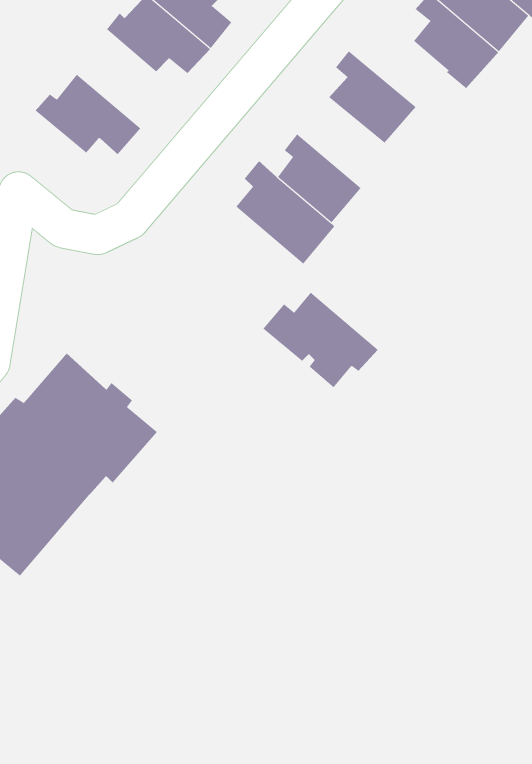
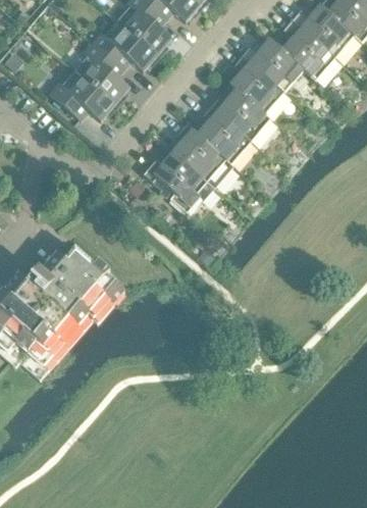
building: none -> [242,38,303,90]
building: none -> [74,42,127,103]
building: none -> [210,89,270,140]
building: [262,292,378,388] -> [143,151,214,210]

